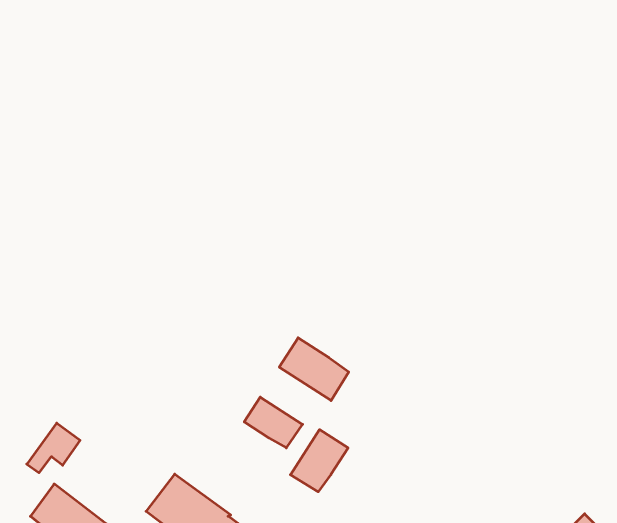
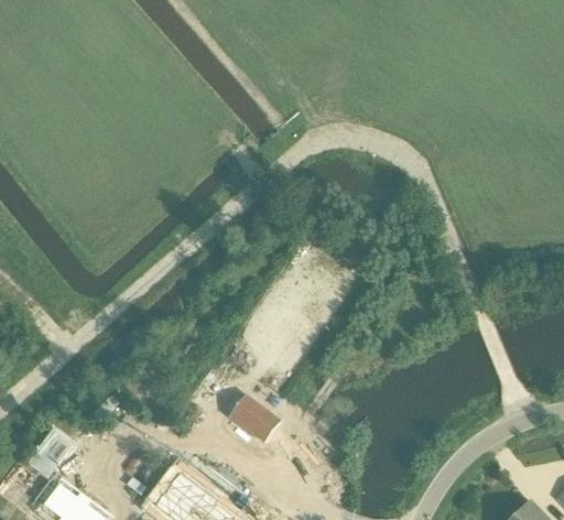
building: [279,338,349,401] -> none
building: [290,430,348,492] -> none

